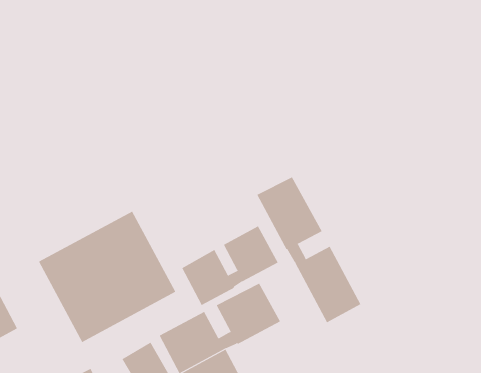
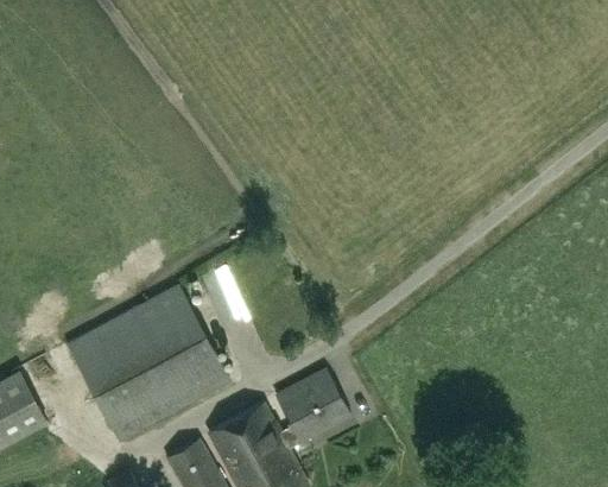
building: [257,176,361,323] -> none
building: [182,226,279,306] -> none

